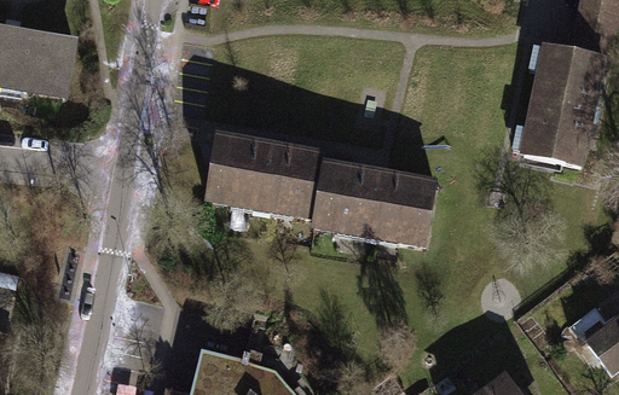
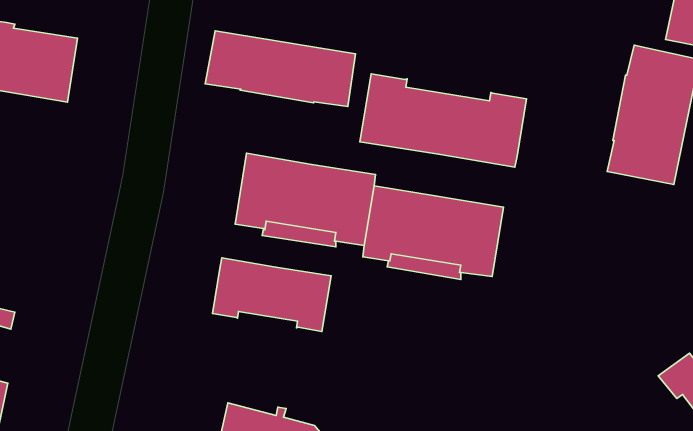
building: none -> [205,31,356,107]
building: none -> [360,74,526,167]
building: none -> [212,258,331,331]

